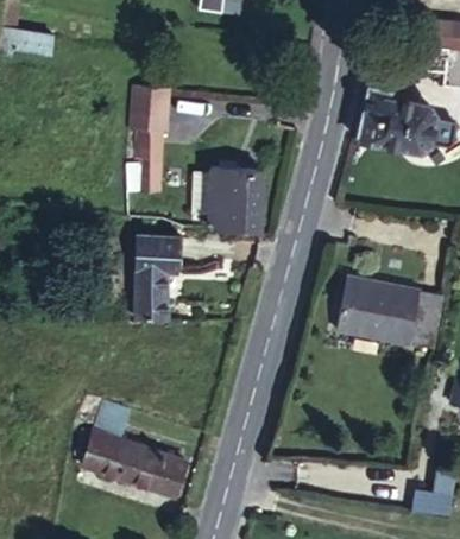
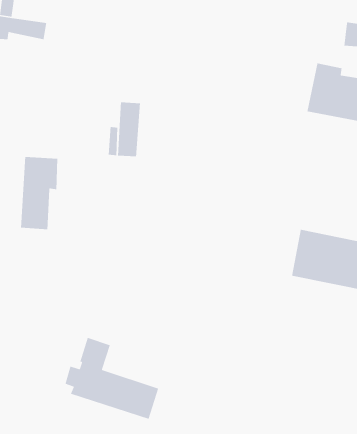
building: [131,87,170,132] -> none
building: [208,170,263,230] -> none
building: [134,236,178,322] -> [20,156,58,230]

